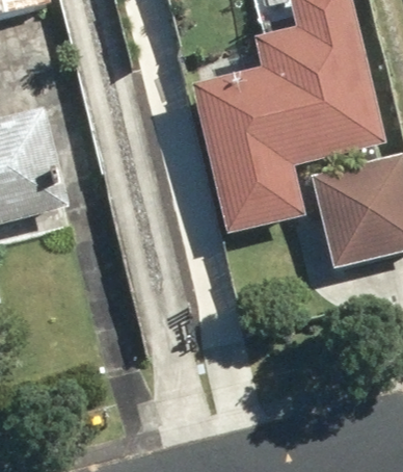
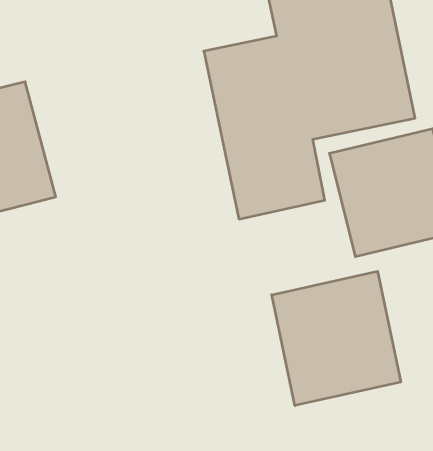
building: none -> [272,271,401,406]

